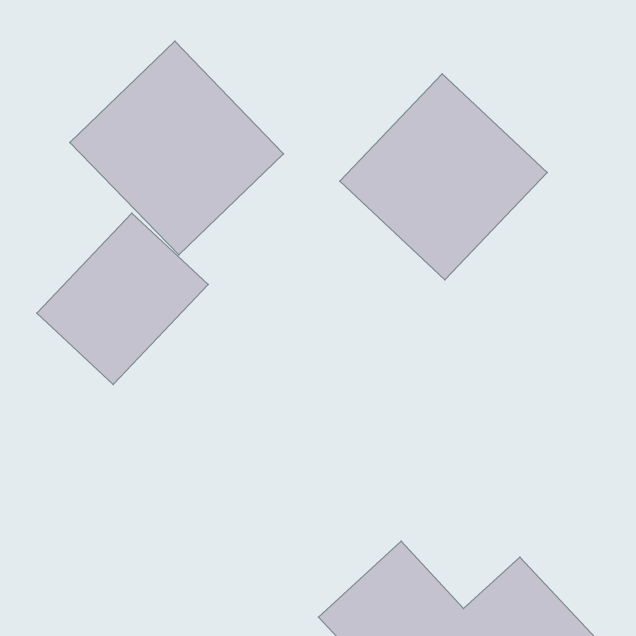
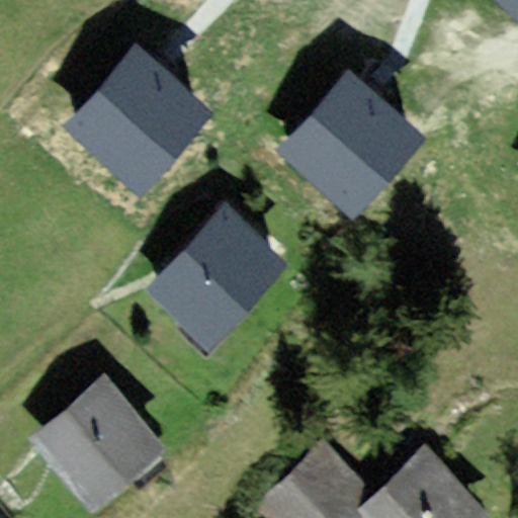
building: [37,213,208,384] -> [145,208,283,347]
building: none -> [29,382,157,509]

